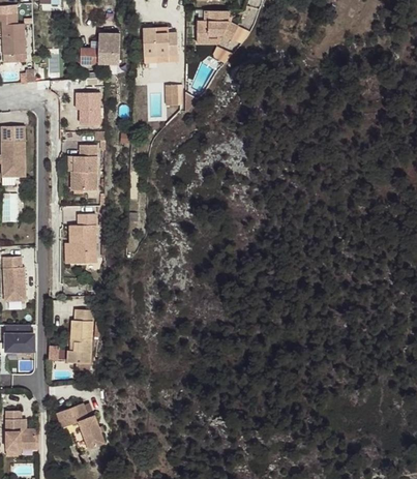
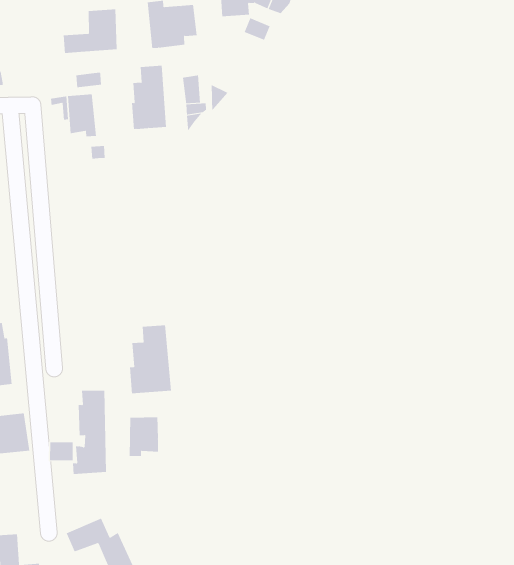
building: [71,145,96,190] -> [131,65,167,130]
building: [66,214,96,263] -> [129,325,172,394]
building: none -> [129,417,159,457]

